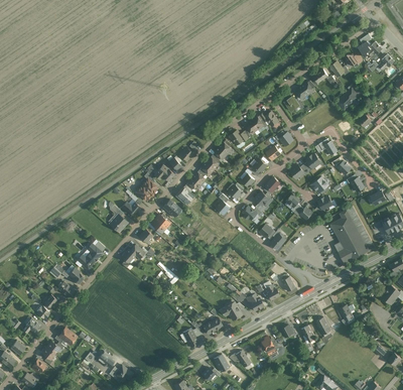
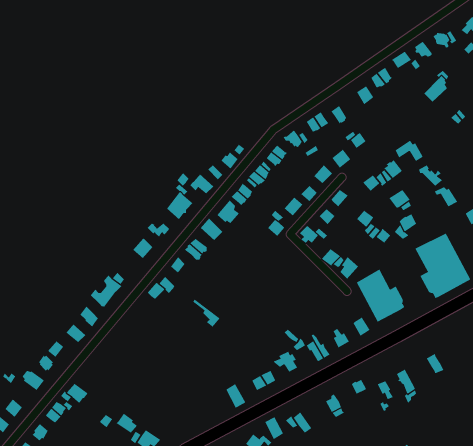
building: none -> [353,268,405,322]

